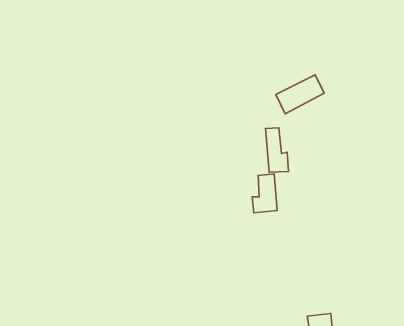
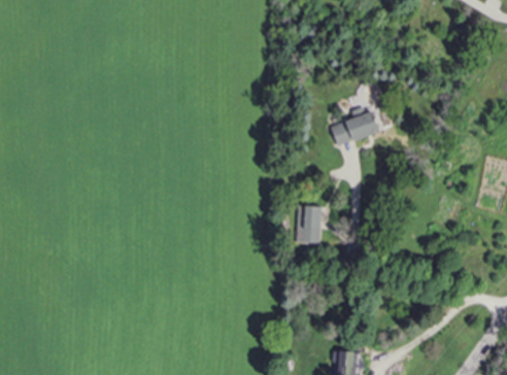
building: [266,128,288,172] -> none

